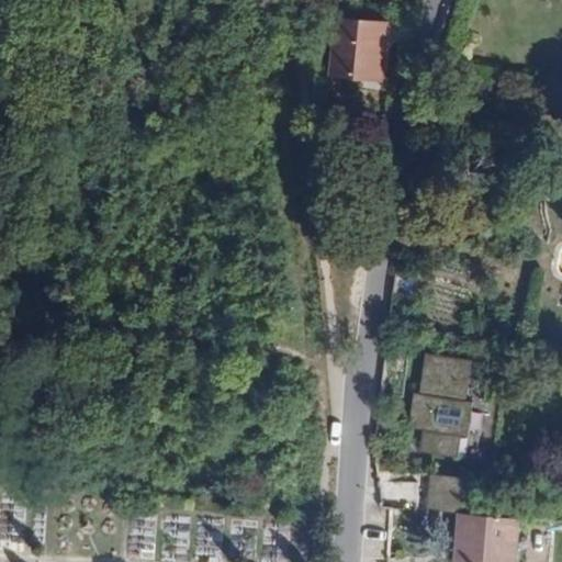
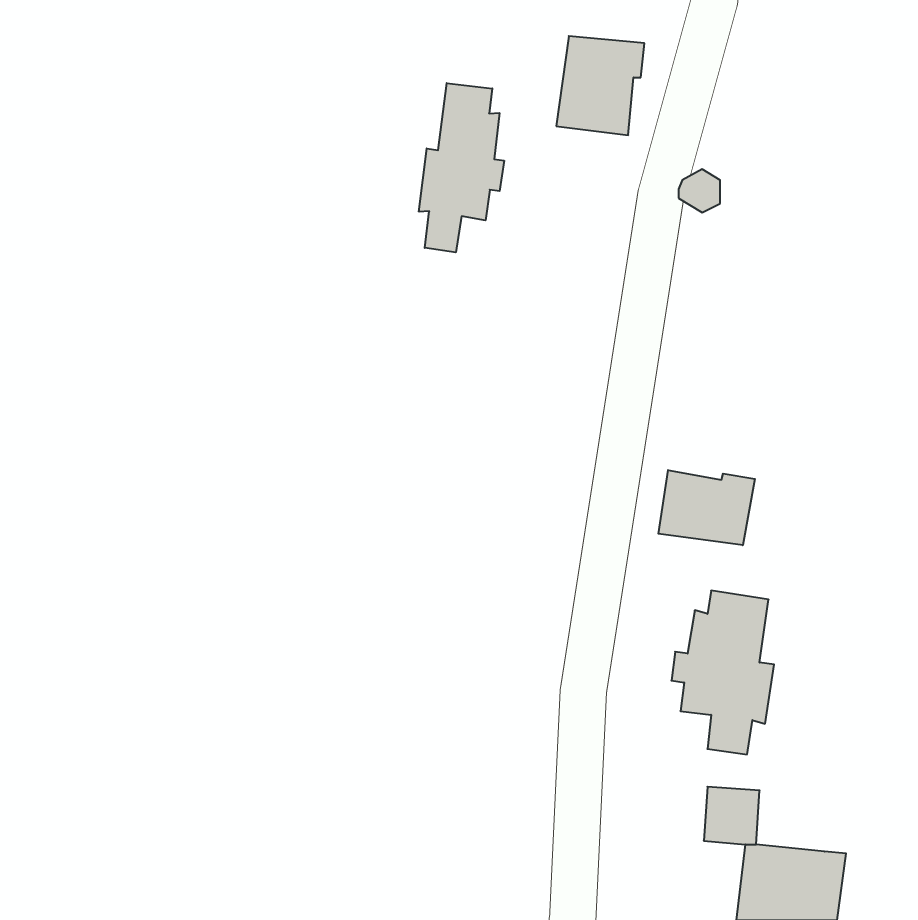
building: none -> [419,83,504,252]
building: none -> [658,470,755,545]

